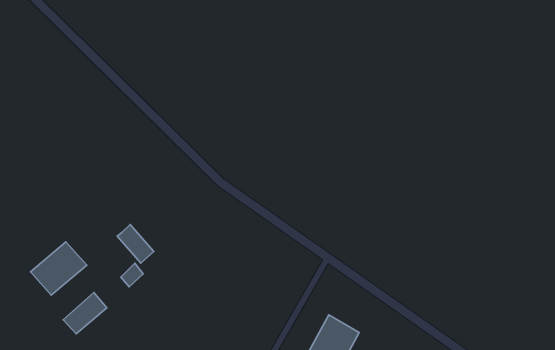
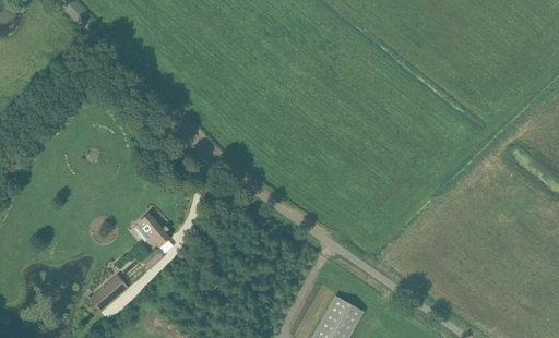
building: [31,242,87,295] -> none

